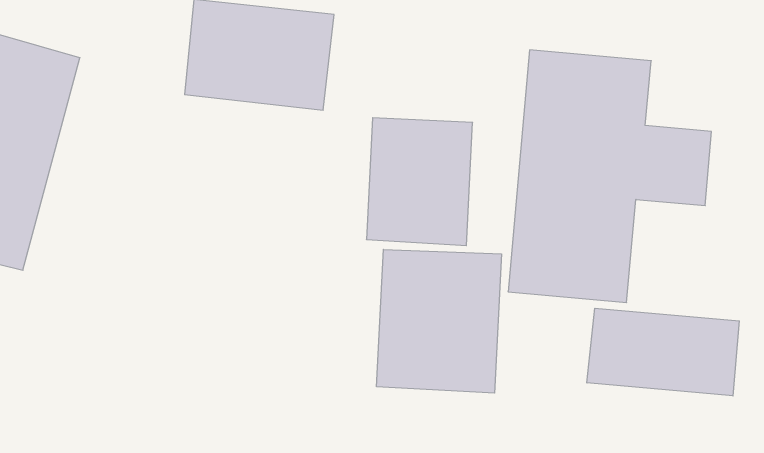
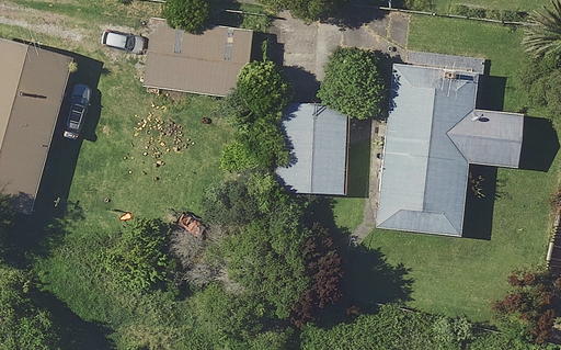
building: [377,249,501,393] -> none
building: [587,308,739,396] -> none

